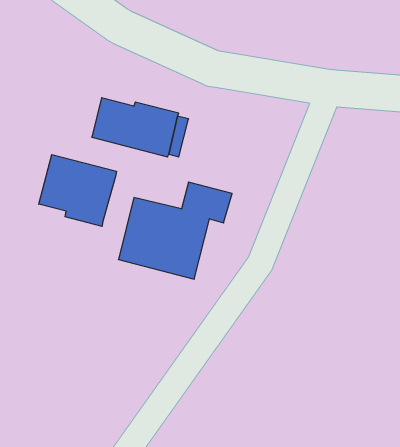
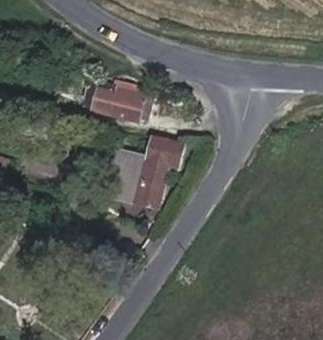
building: [39,155,116,226] -> none

